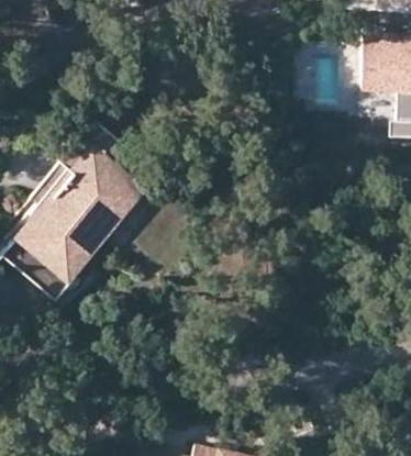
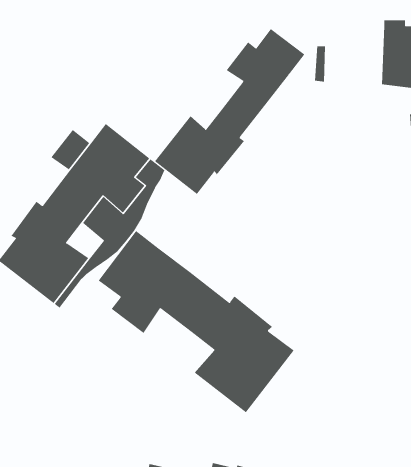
building: none -> [154,28,305,195]
building: none -> [98,230,294,413]

